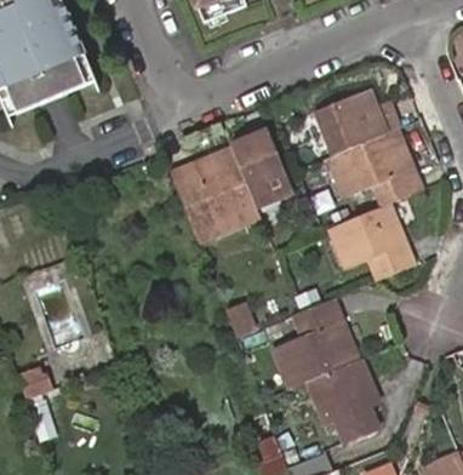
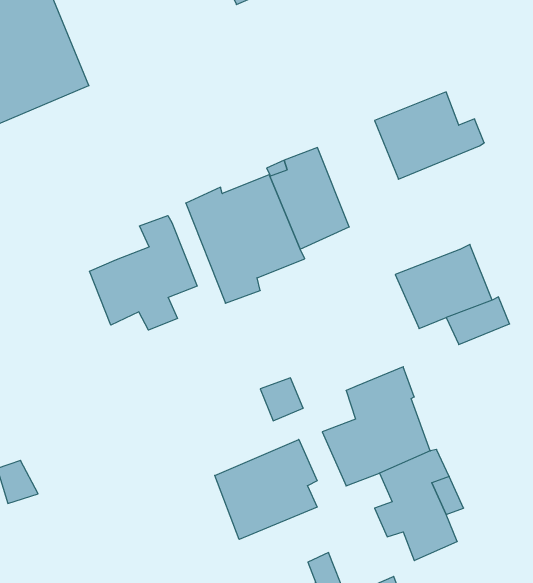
building: [324,127,421,206] -> none
building: none -> [90,216,197,330]
building: none -> [215,439,317,539]

